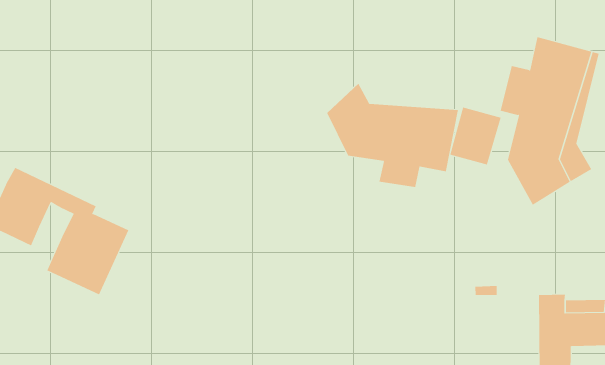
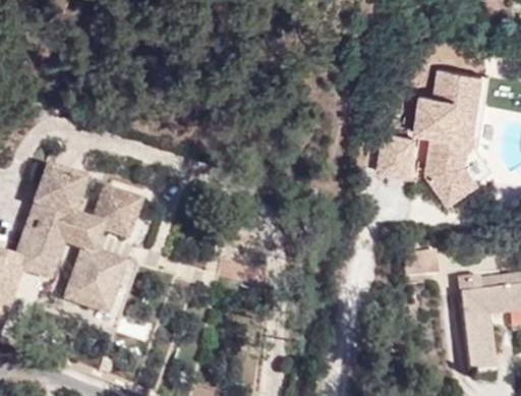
building: [326,83,458,188] -> none
building: none -> [27,166,141,243]

